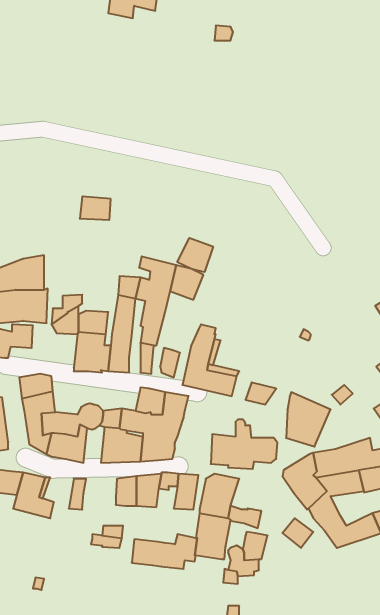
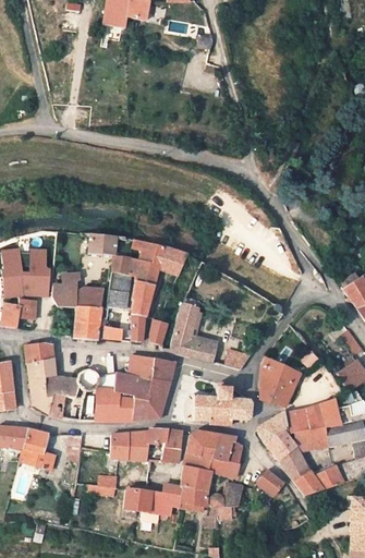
building: [80,196,111,220] -> [88,233,115,254]
building: [177,238,213,272] -> none
building: none -> [211,435,243,463]

